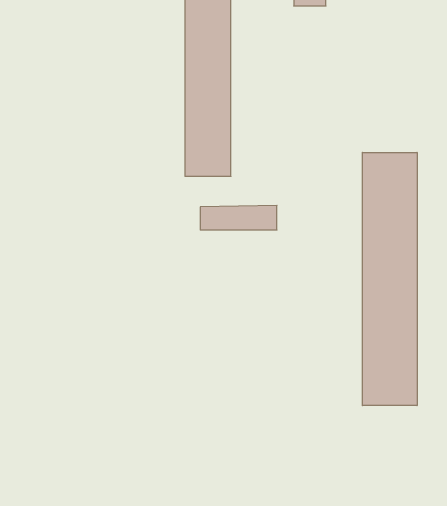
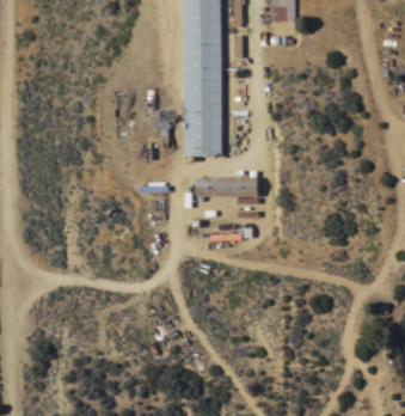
building: [362,152,417,406] -> none

